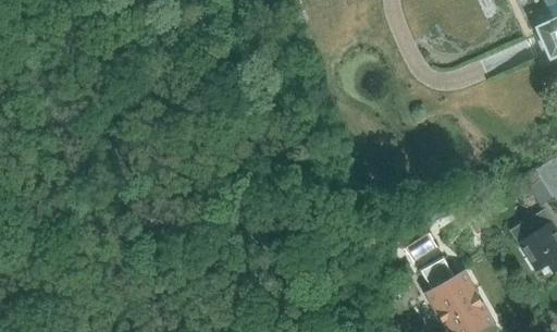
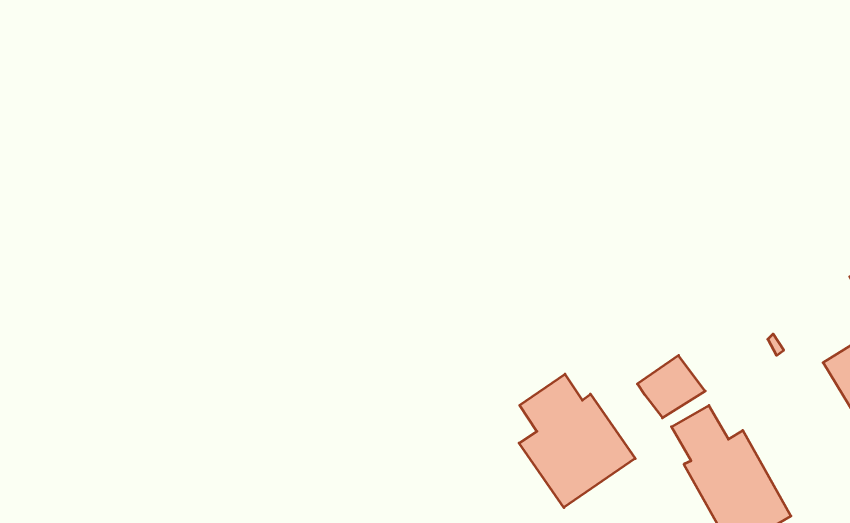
building: none -> [519,374,635,508]

